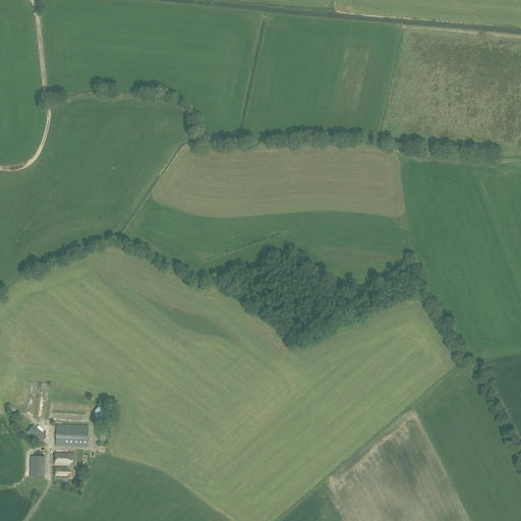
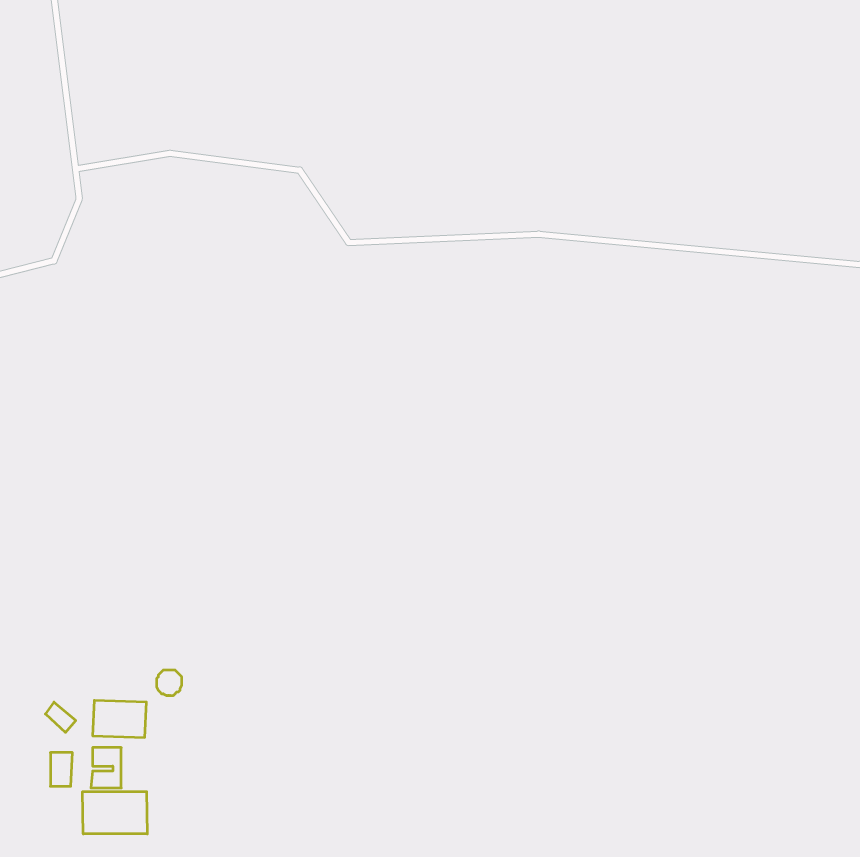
building: none -> [83,792,147,834]

